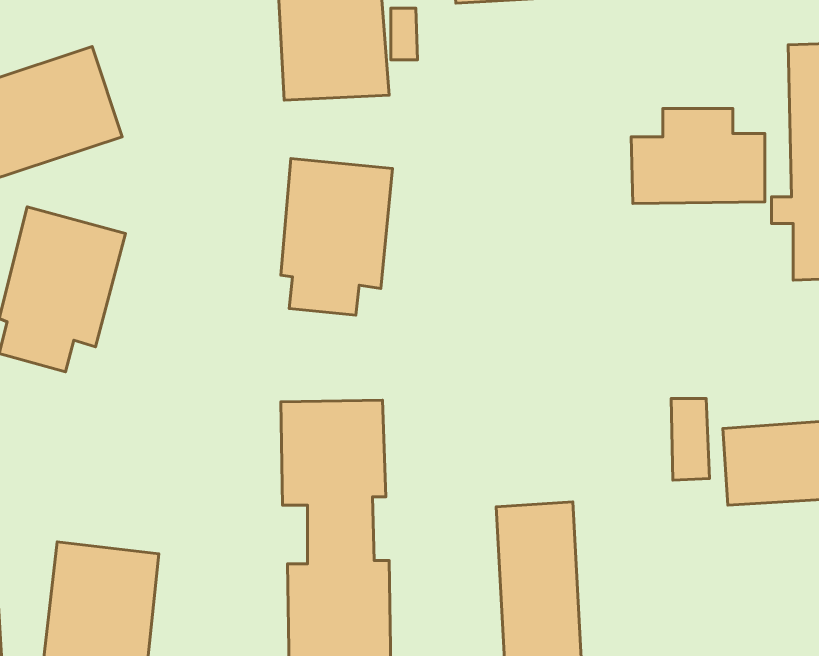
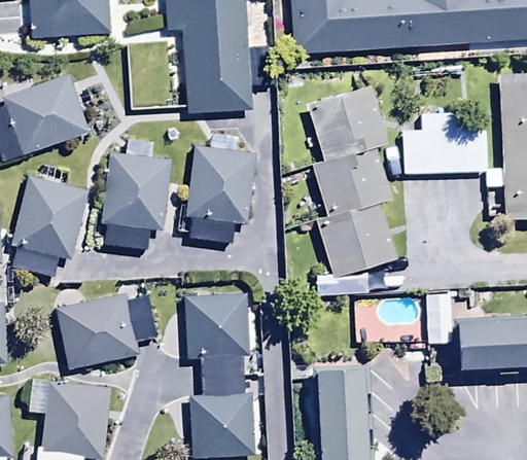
building: none -> [308,90,398,275]
building: none -> [99,154,173,252]
building: none -> [61,287,162,363]

